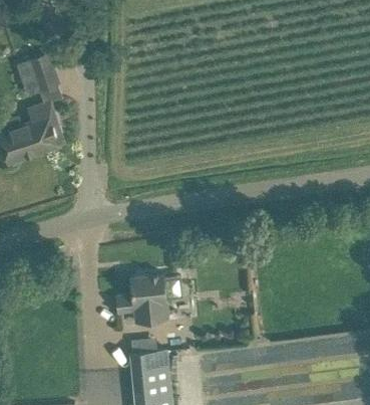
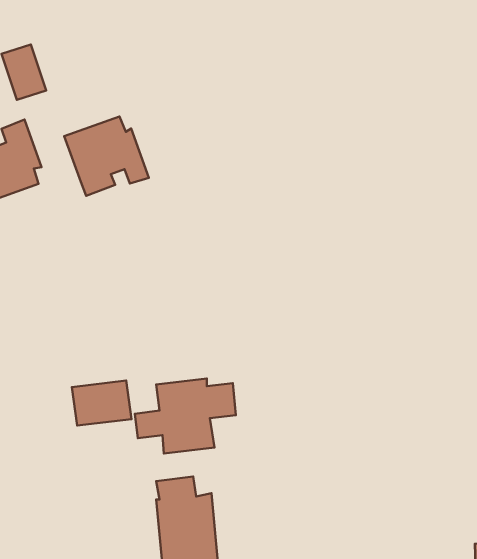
building: none -> [64,116,149,196]
building: none -> [72,381,131,426]

